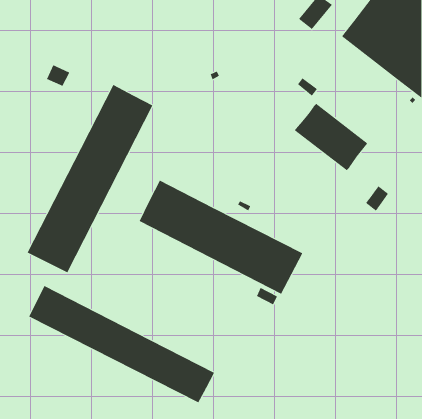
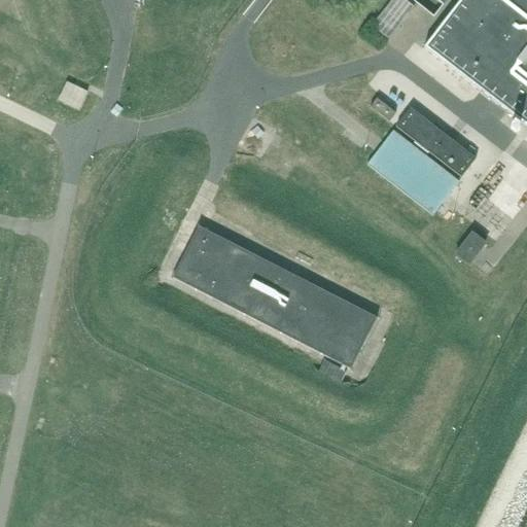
building: [27,84,153,273] -> none
building: none -> [396,106,476,176]
building: [29,285,215,403] -> none

